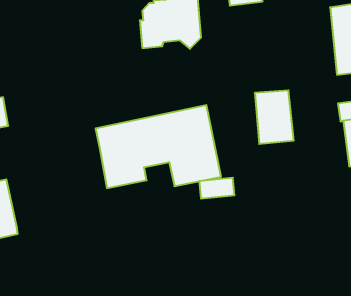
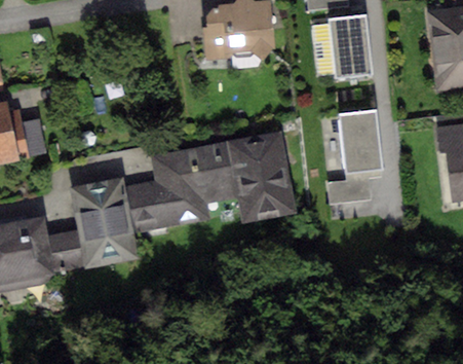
building: none -> [327,13,374,78]
building: none -> [48,177,163,271]
building: [199,178,235,199] -> [329,177,371,202]

